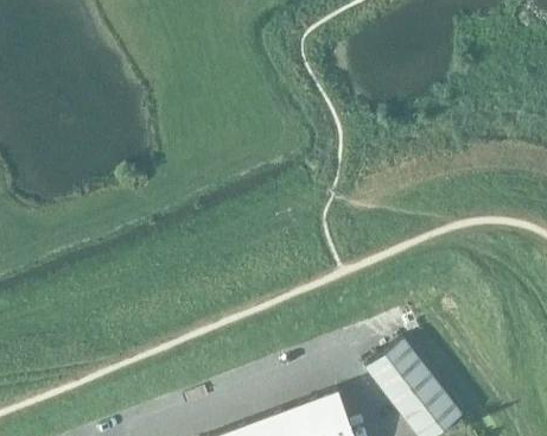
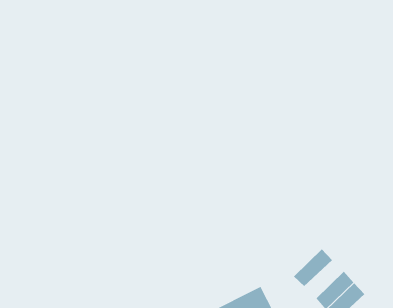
building: [364,339,414,384] -> none
building: [388,369,438,413] -> none

